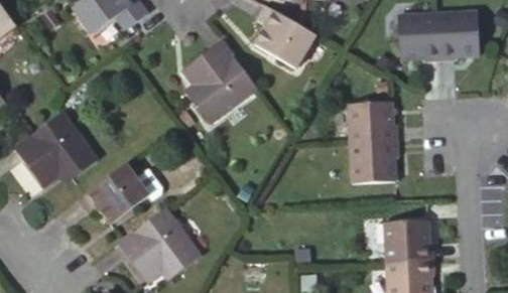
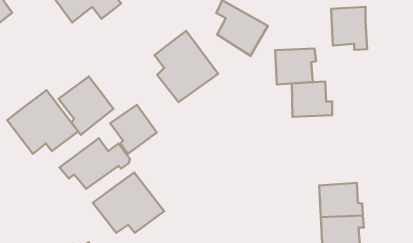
building: [435,11,477,62] -> none
building: none -> [59,76,114,135]
building: none -> [110,105,157,154]
building: [350,140,398,182] -> [275,48,316,84]

